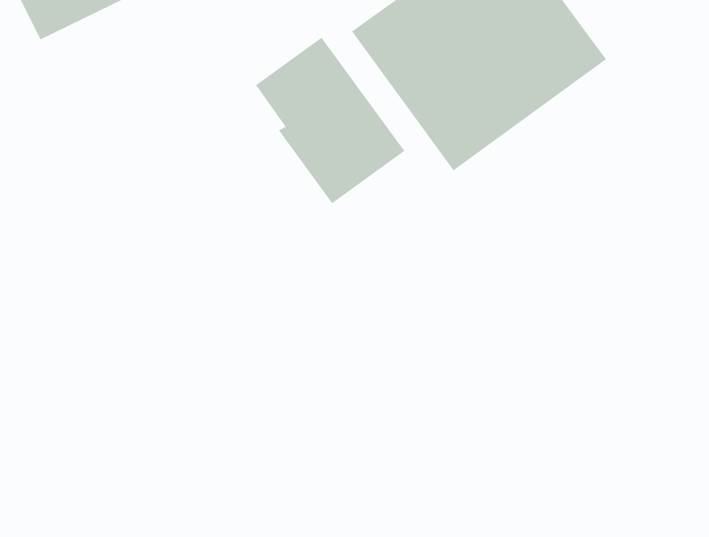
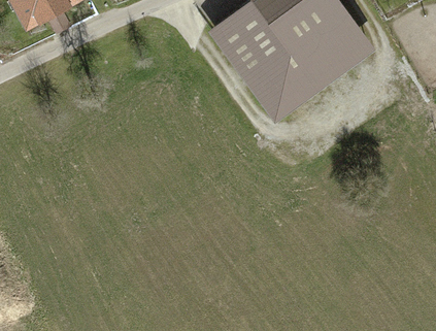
building: [255,37,405,204] -> none

